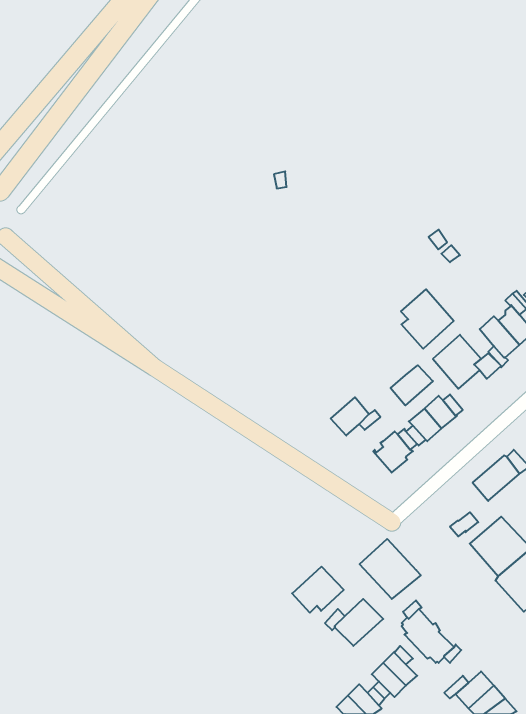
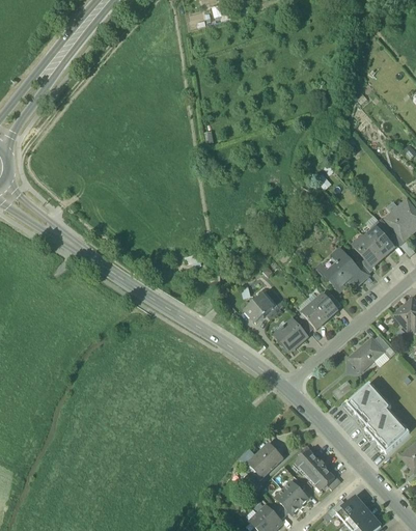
building: [401,289,454,349] -> none
building: [391,365,433,405] -> none
building: [360,539,421,599] -> none
building: [292,567,344,613] -> none

